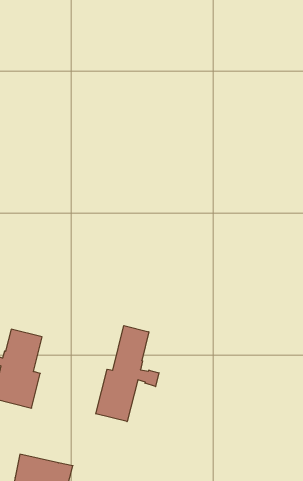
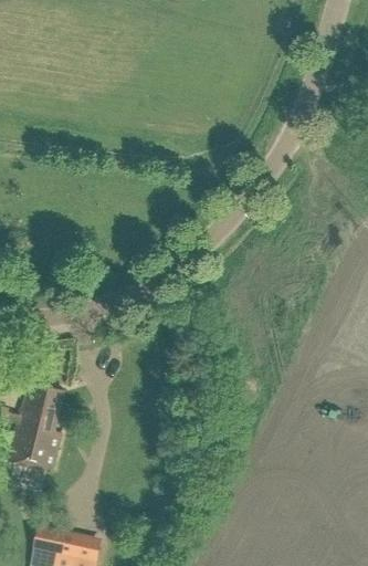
building: [96,326,159,422] -> none

